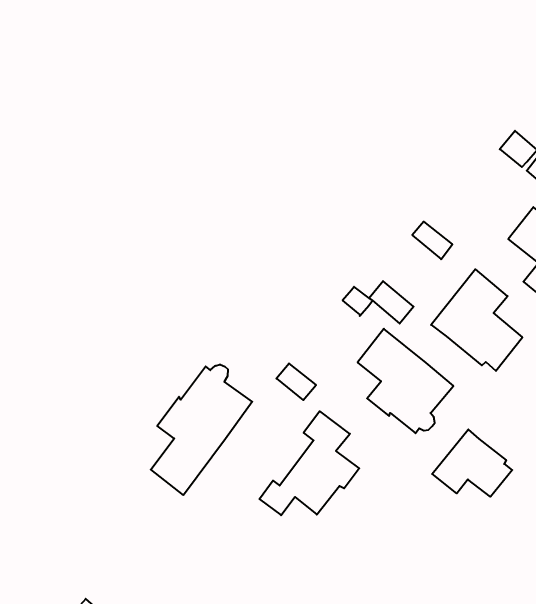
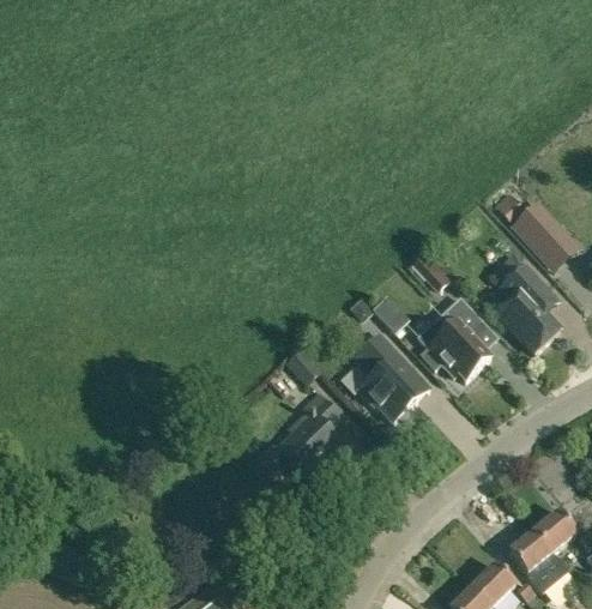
building: [151,364,252,495] -> none
building: [432,429,512,497] -> none

